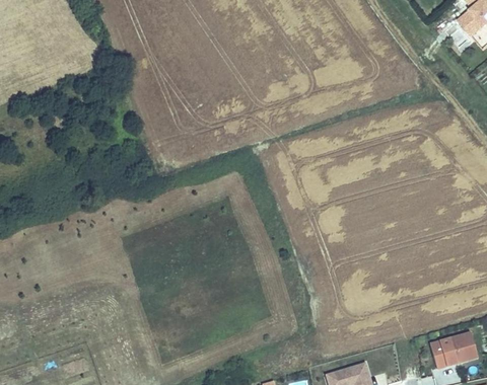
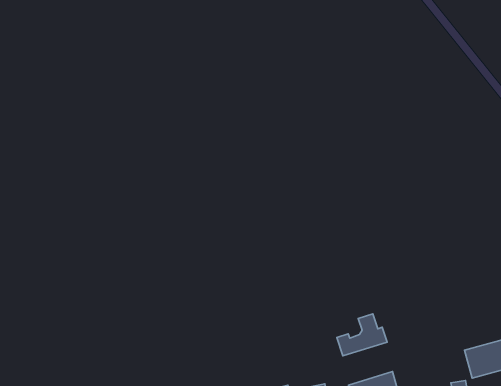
building: none -> [337,314,387,356]

